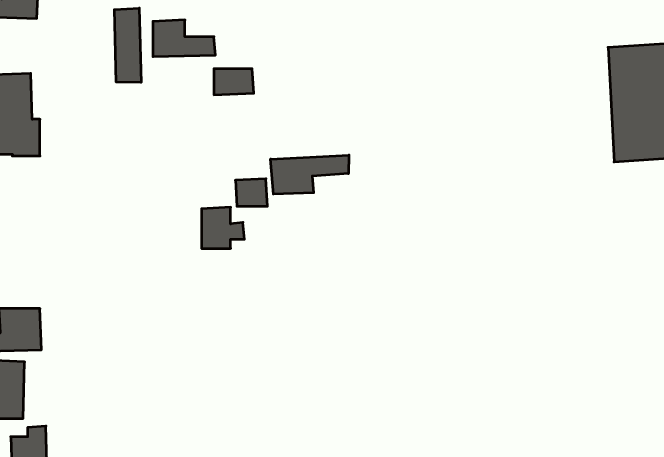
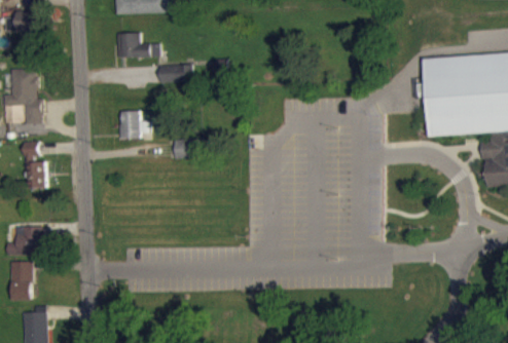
building: [114,8,141,82] -> none
building: [271,155,349,194] -> none
building: none -> [26,143,44,190]
building: [202,207,244,248] -> [120,112,149,140]

